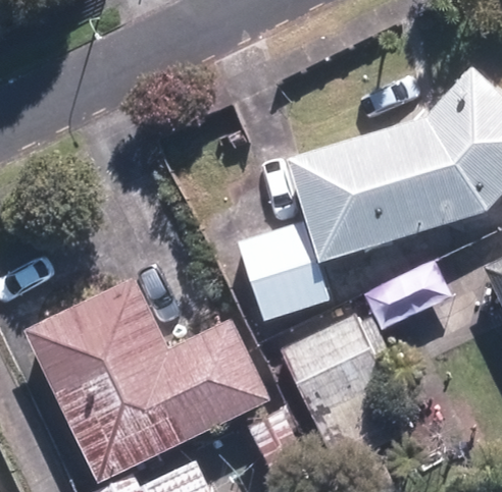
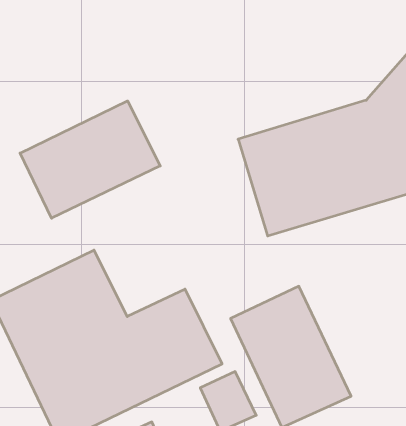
building: none -> [20,101,160,218]
building: [239,221,330,321] -> none

